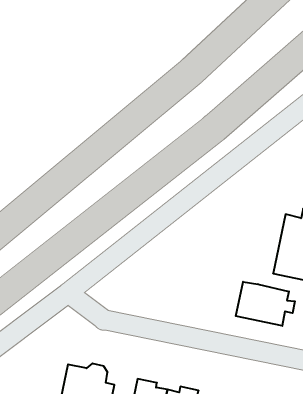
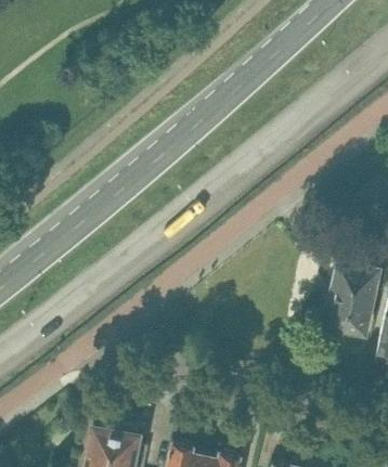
building: [236,282,295,326] -> none

